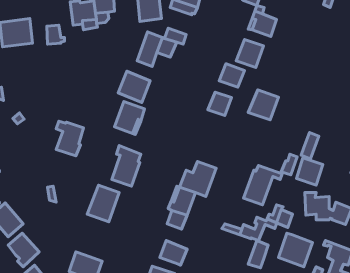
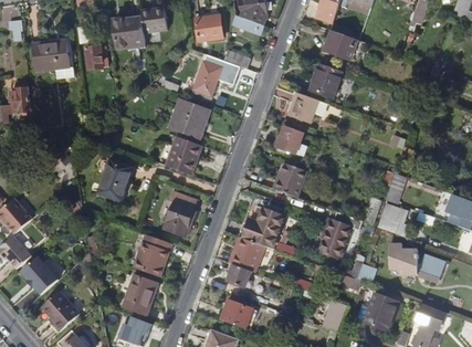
building: [248,90,278,120] -> [271,161,306,197]
building: none -> [122,275,157,315]

